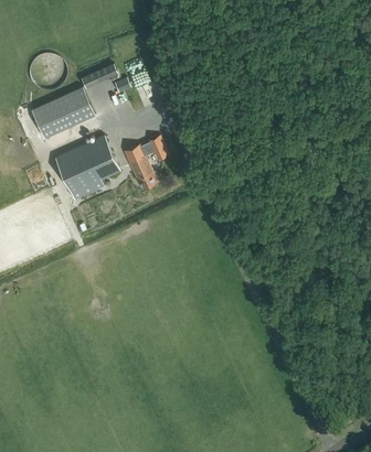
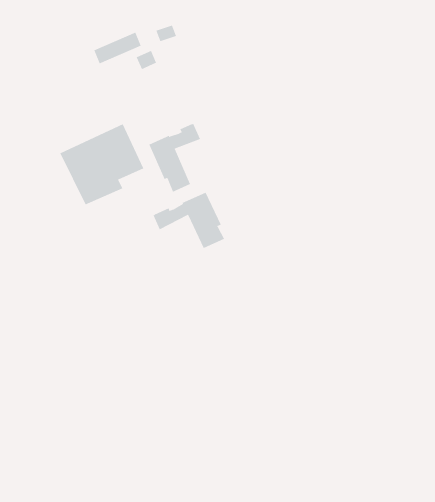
building: [31,87,95,139] -> none
building: none -> [153,192,225,249]

